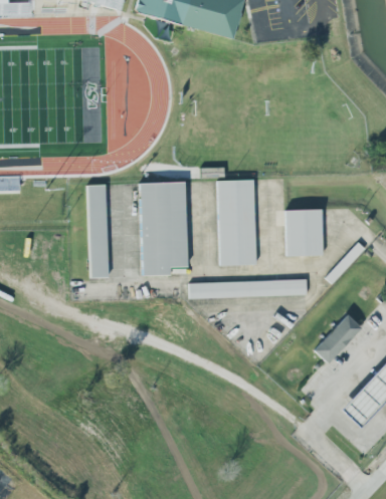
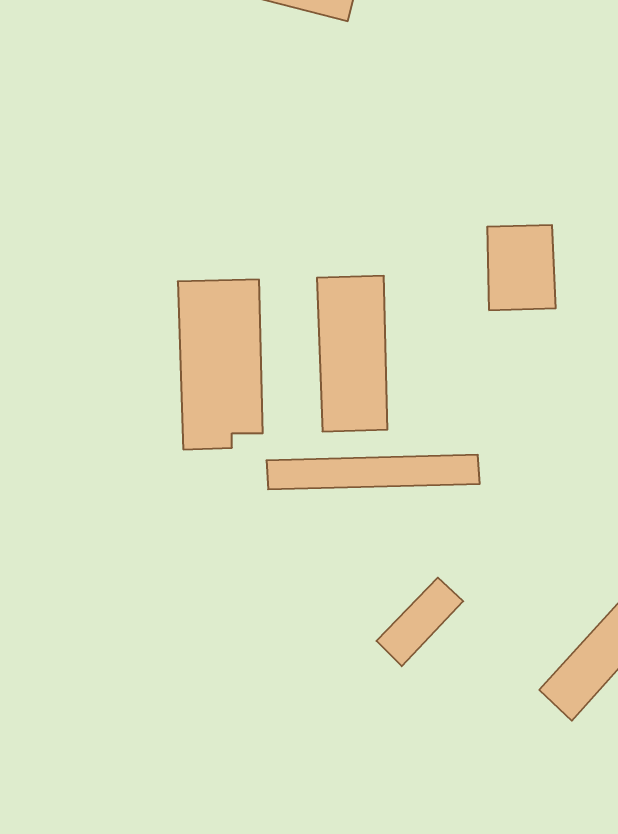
building: [87,184,109,277] -> none
building: [285,209,324,256] -> [487,225,556,310]
building: [314,314,362,363] -> [376,578,463,666]

